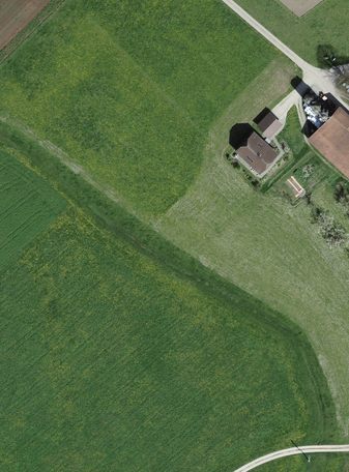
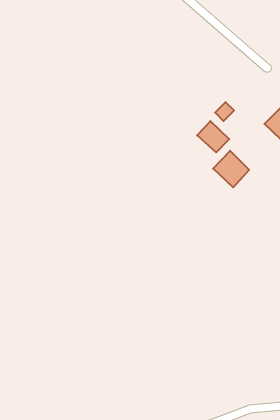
building: none -> [213,151,249,187]

